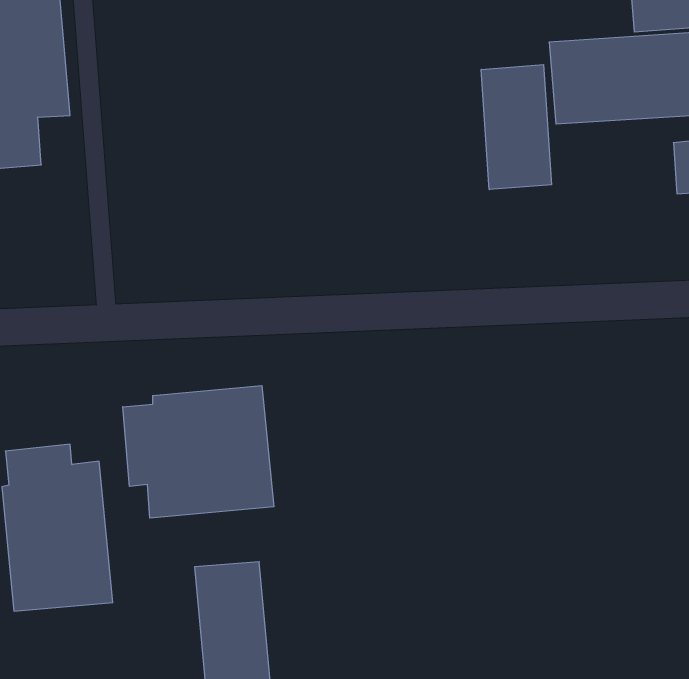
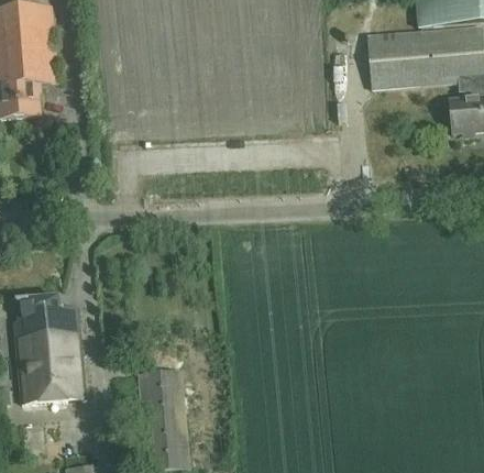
building: [481,65,551,190] -> none
building: [123,386,274,518] -> none

